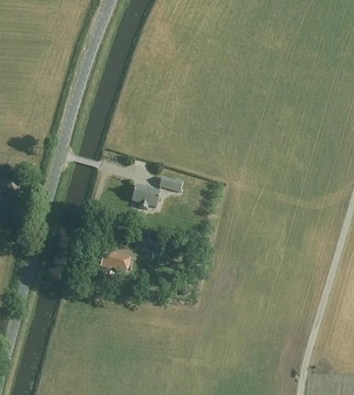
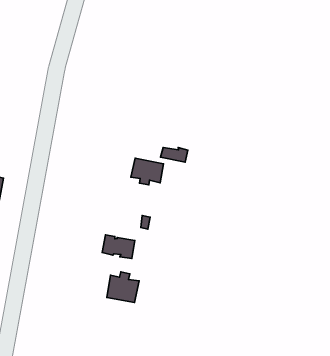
building: none -> [107,272,139,303]

